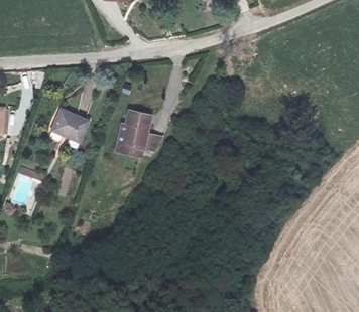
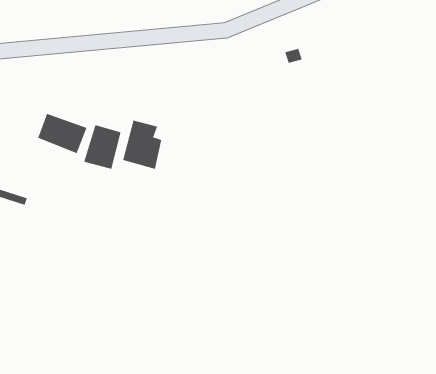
building: none -> [83,124,122,170]

